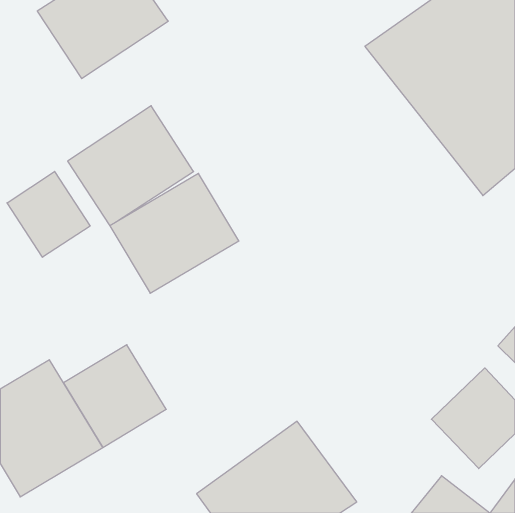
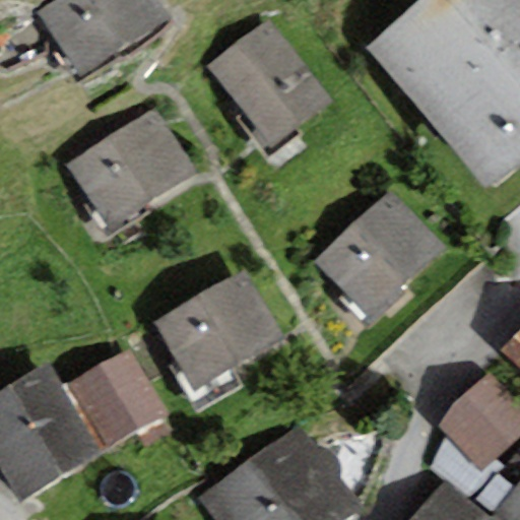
building: none -> [208,19,332,148]
building: [7,171,90,257] -> none
building: [110,173,239,293] -> [153,269,283,390]
building: none -> [313,188,445,323]

